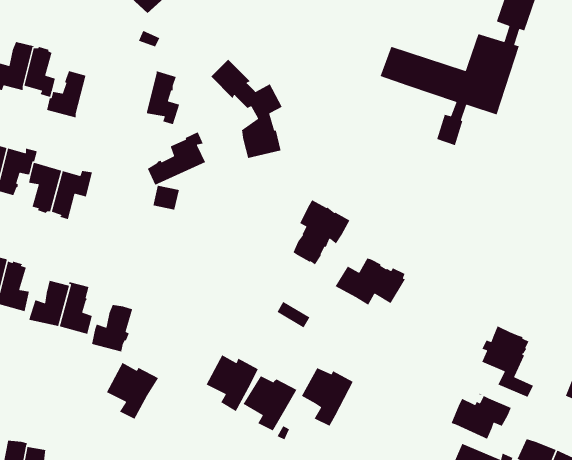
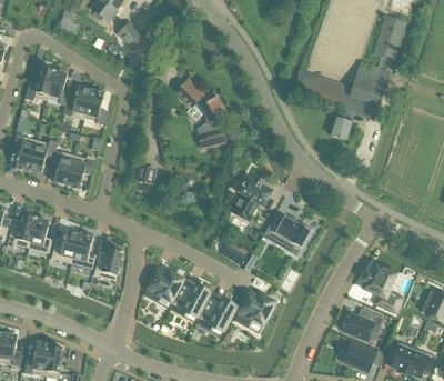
building: [146,70,180,125] -> [83,87,107,124]
building: [147,131,206,186] -> none
building: [106,362,159,420] -> [147,267,183,307]

